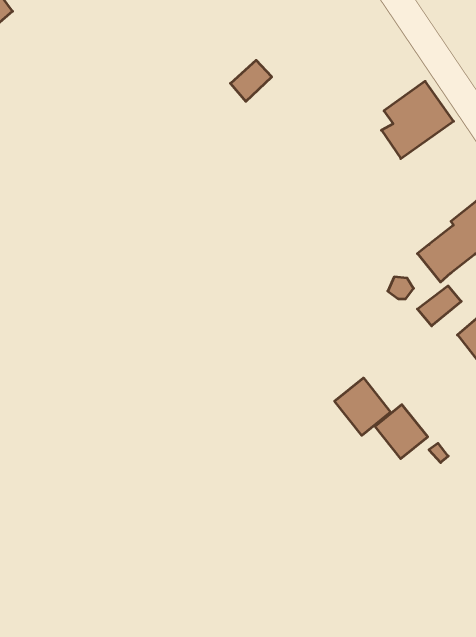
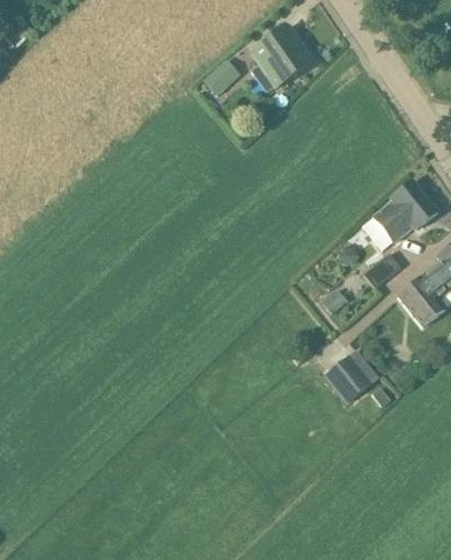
building: [381,81,454,159] -> [251,26,313,92]
building: [335,378,391,435] -> none

